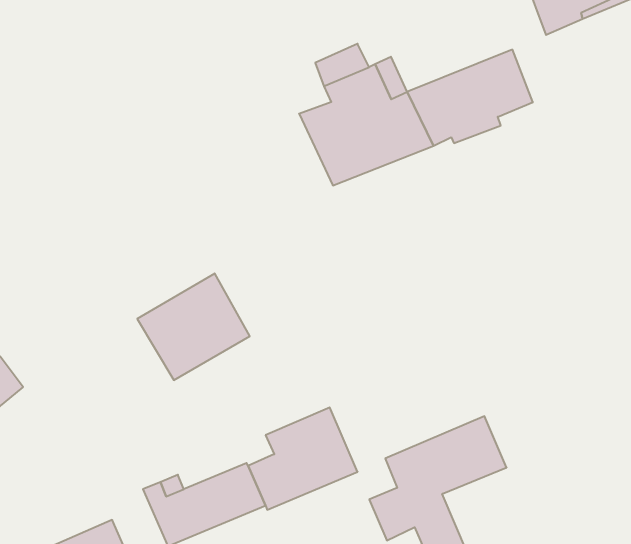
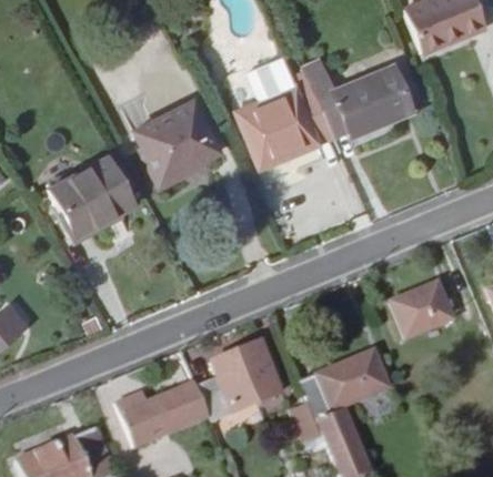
building: none -> [135,101,218,181]
building: [137,273,250,380] -> [50,155,135,236]
building: none -> [393,280,455,336]

